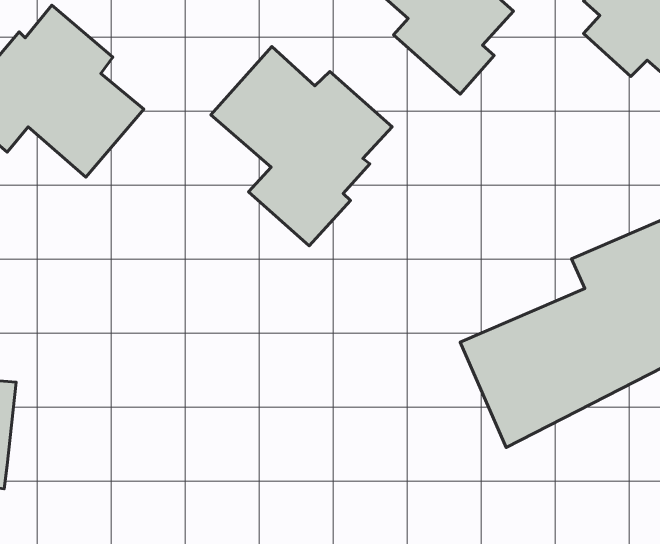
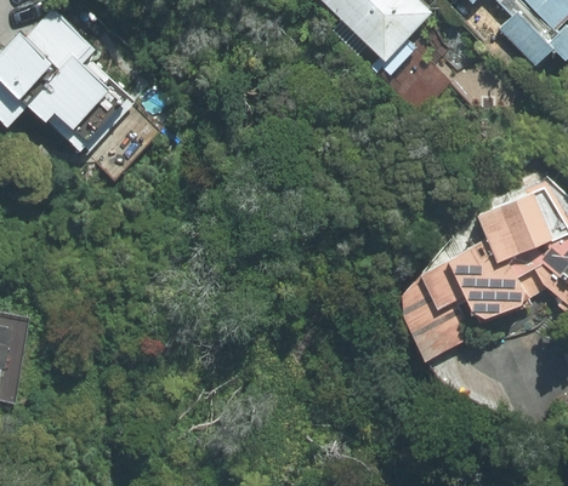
building: [211,47,392,246] -> none

